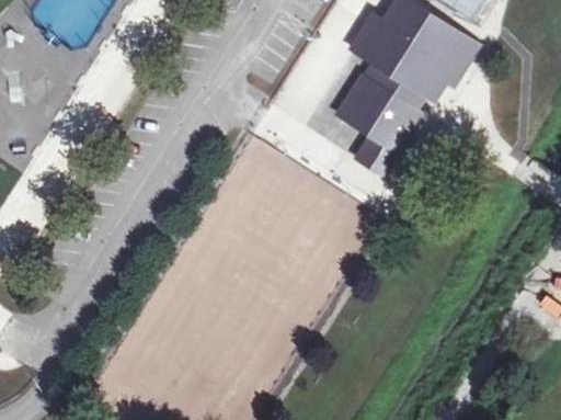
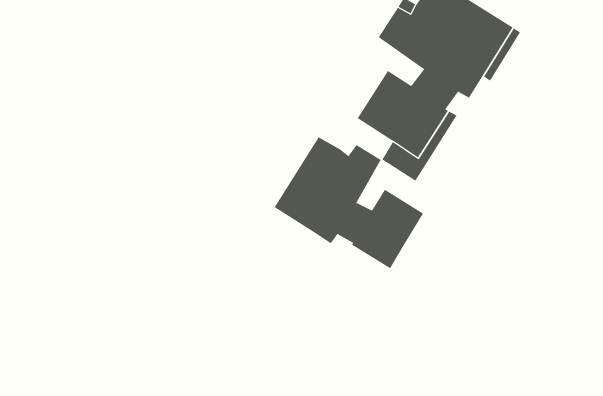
building: none -> [274,136,424,269]

